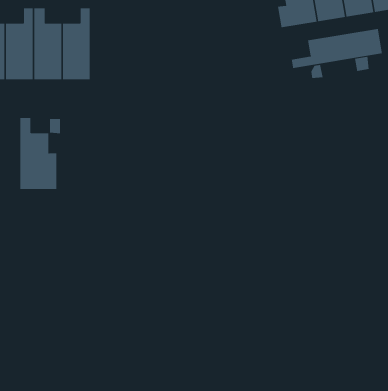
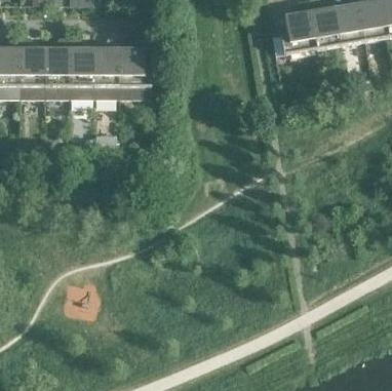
building: [291,28,382,69] -> none
building: [19,117,57,189] -> [119,36,152,99]

